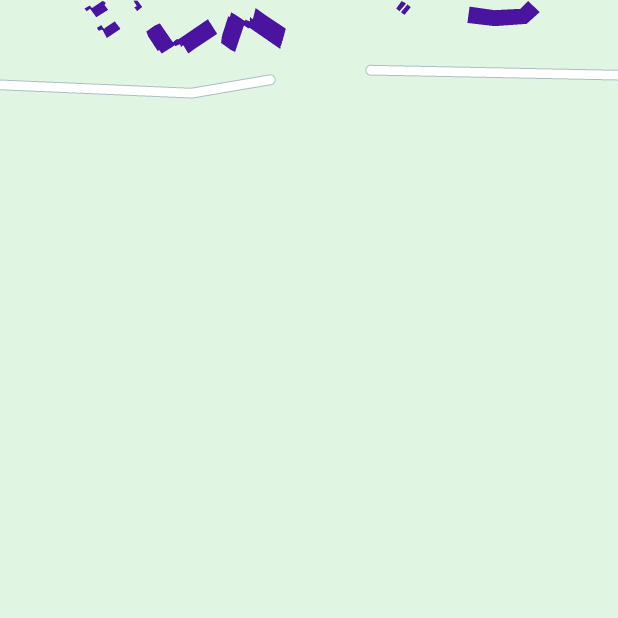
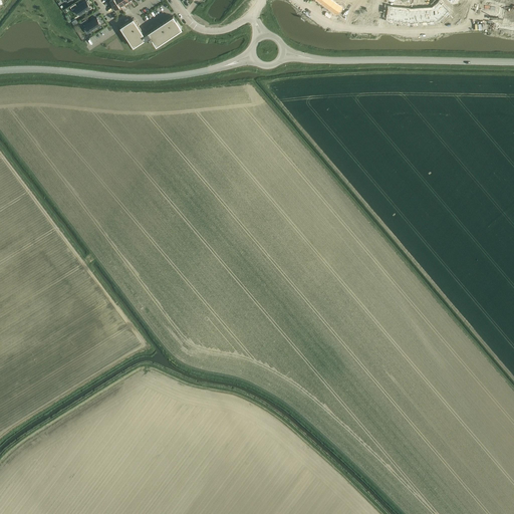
building: [220,7,287,53] -> none

